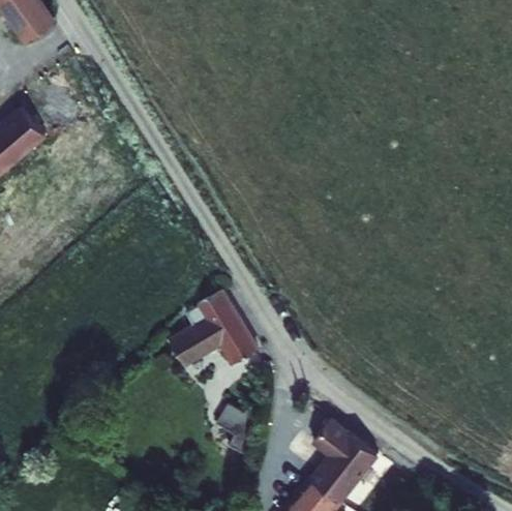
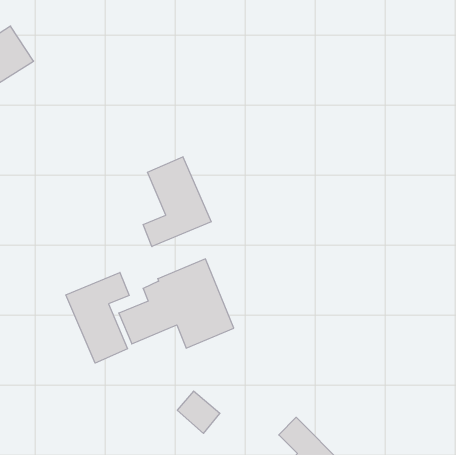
building: none -> [143,157,211,247]
building: none -> [66,272,129,363]

